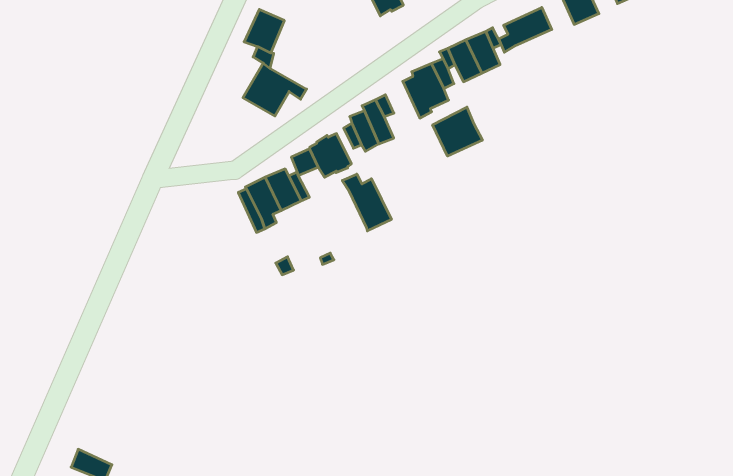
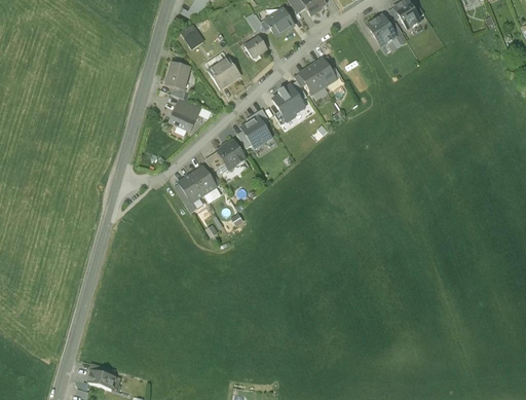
building: [499,7,552,52] -> none
building: none -> [209,57,239,87]
building: [433,107,482,156] -> none
building: [342,174,391,231] -> none

